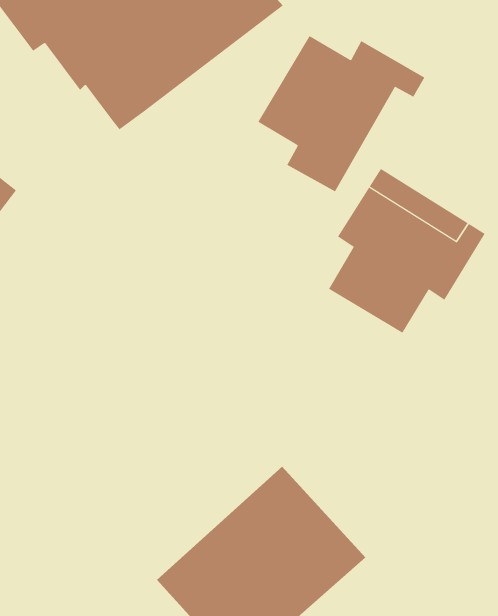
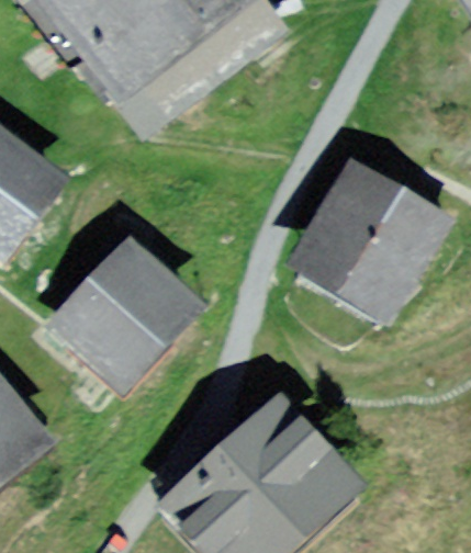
building: [258,35,425,192] -> none
building: none -> [67,251,192,379]

